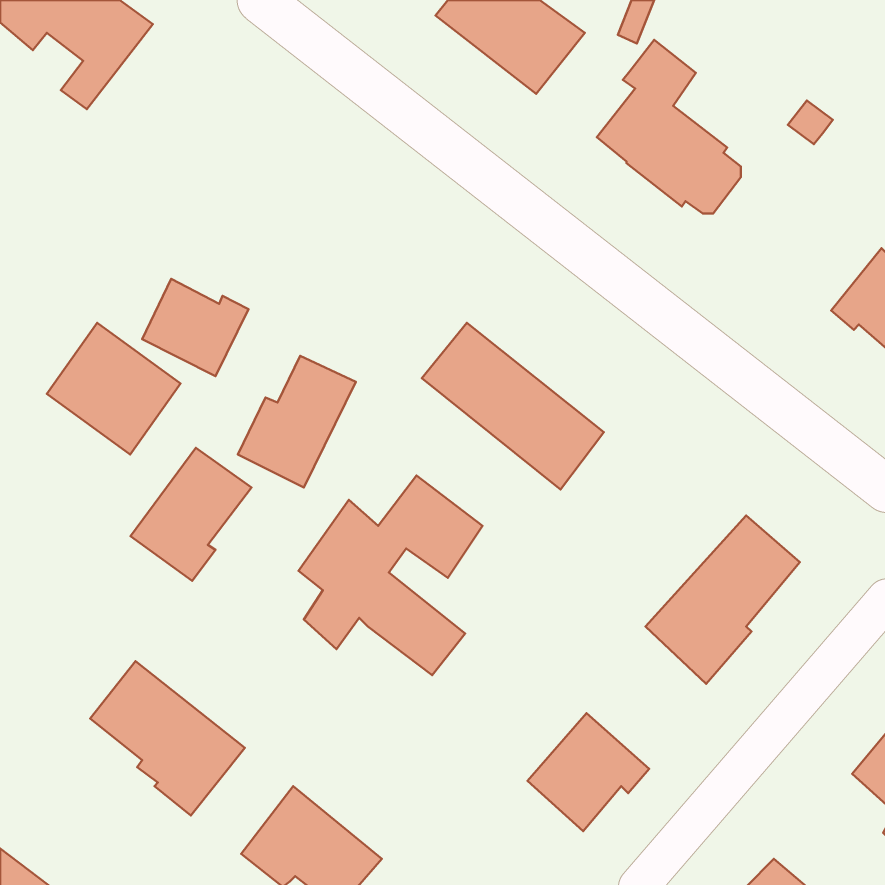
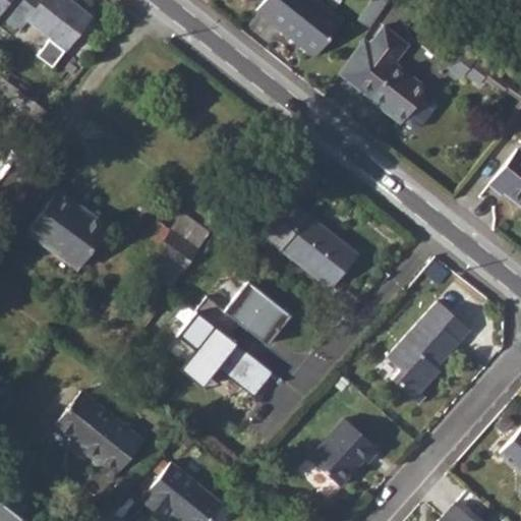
building: [142,279,249,376] -> none
building: [131,448,252,581] -> none

